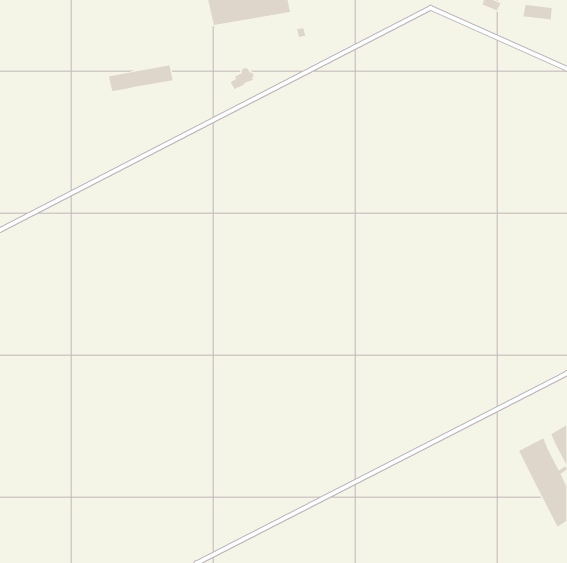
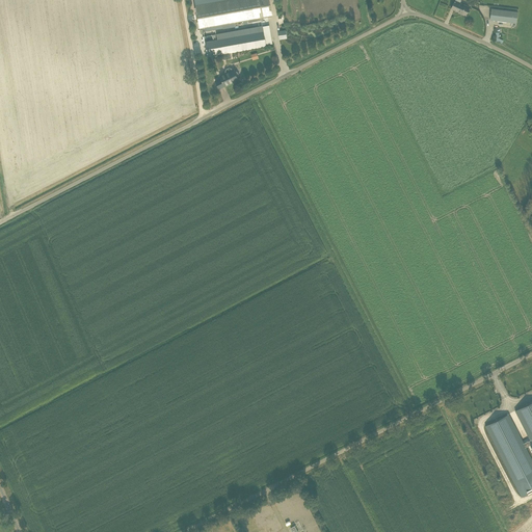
building: [108,65,173,92] -> [205,27,266,52]

